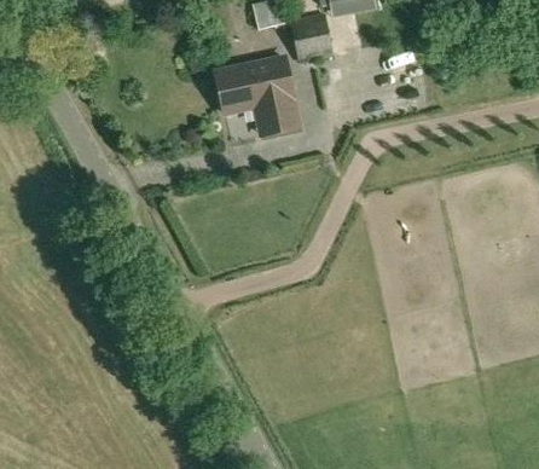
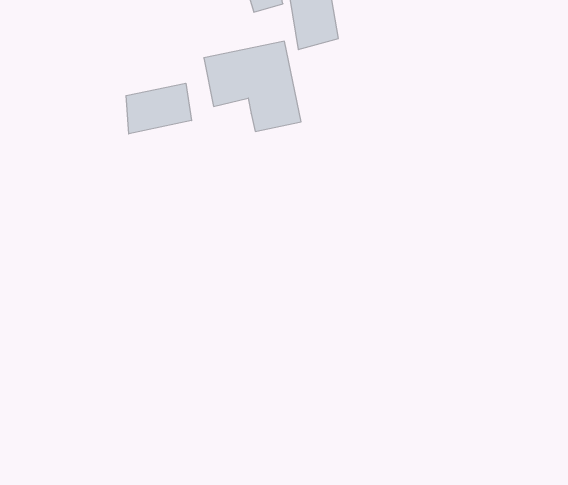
building: none -> [126,83,192,134]

